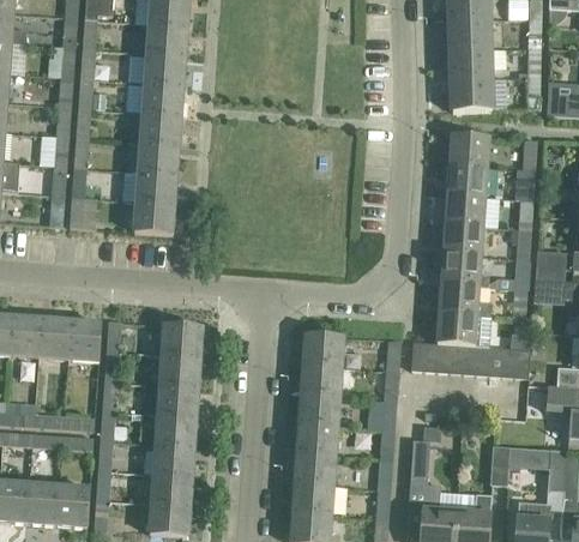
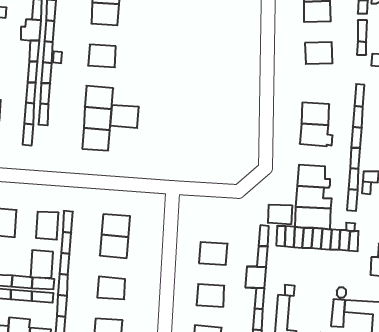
building: [451,48,505,79] -> none
building: [145,52,185,84] -> none
building: [140,112,181,144] -> [110,105,139,128]
building: [448,133,489,167] -> none
building: [70,195,96,228] -> none
building: [444,223,483,255] -> none
building: none -> [268,205,292,224]
building: [38,318,71,357] -> [30,250,53,278]
building: [303,333,344,366] -> none
building: [158,383,198,416] -> none
building: [300,393,339,426] -> none
building: [153,442,194,475] -> none
building: [295,453,336,486] -> none

